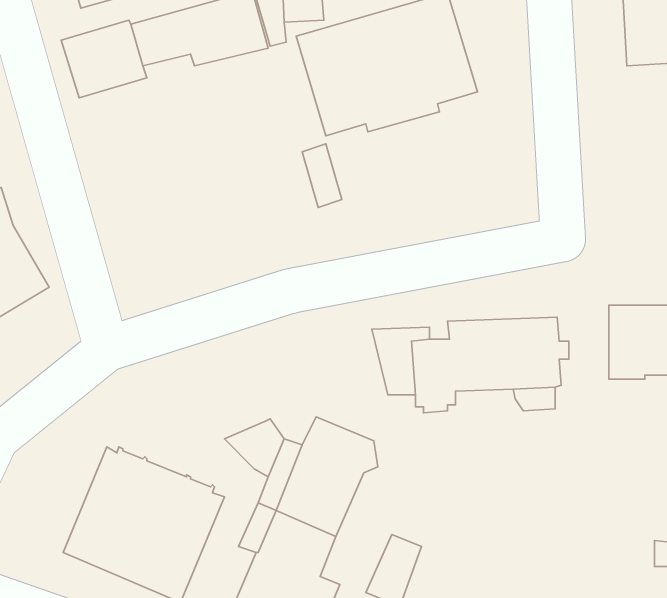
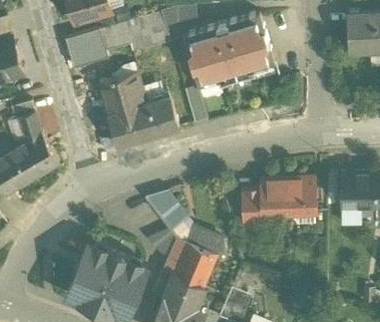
building: none -> [99,72,177,145]
building: none -> [144,191,180,223]

